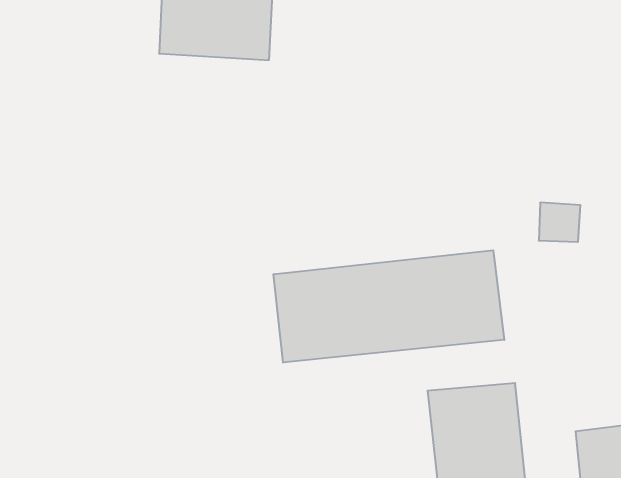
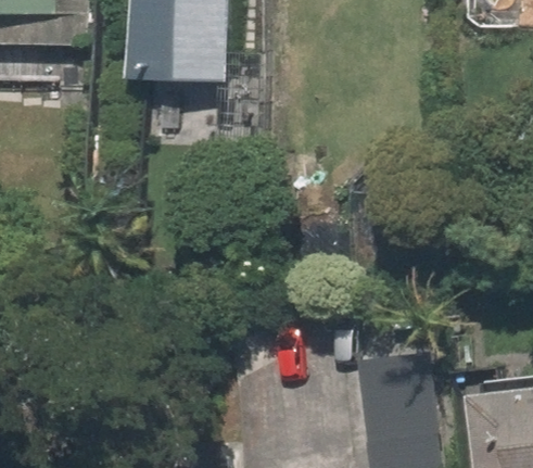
building: [274,250,504,363] -> none

